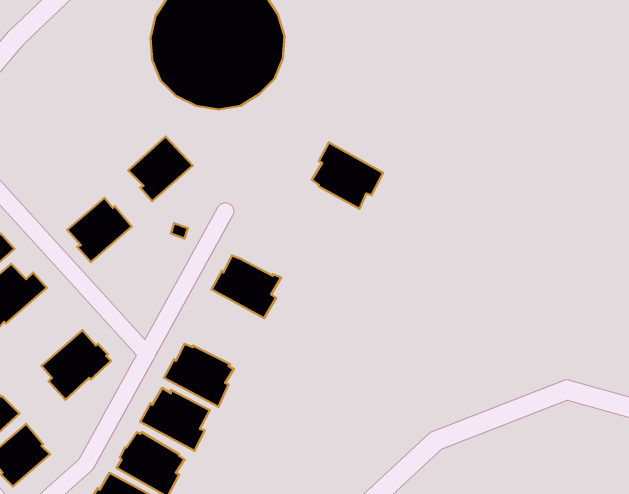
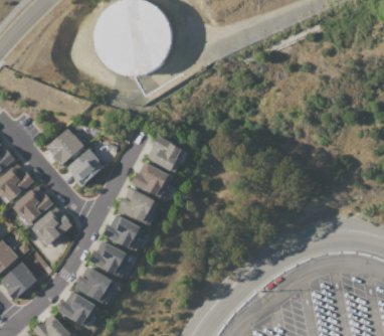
building: [128,137,193,201] -> [65,148,104,186]
building: [312,142,383,209] -> [146,134,188,173]
building: none -> [117,187,162,225]
building: none -> [12,189,52,226]

